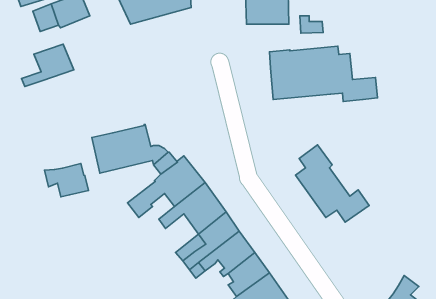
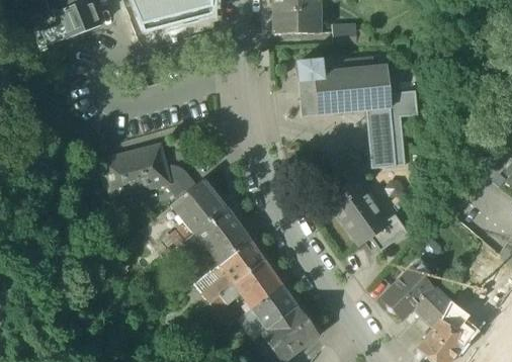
building: [21,44,74,87] -> none
building: none -> [366,109,407,170]
building: [45,163,88,197] -> none
building: none -> [381,266,452,330]

